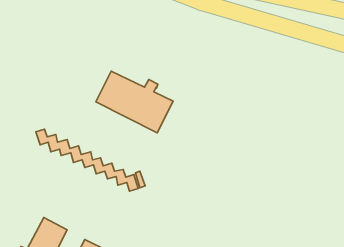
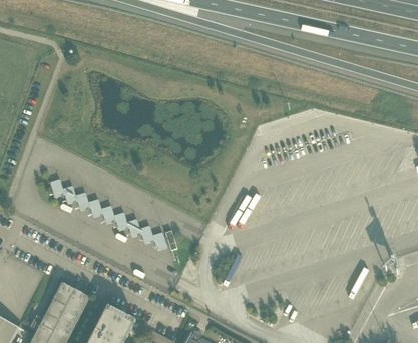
building: [96,71,173,133] -> none

